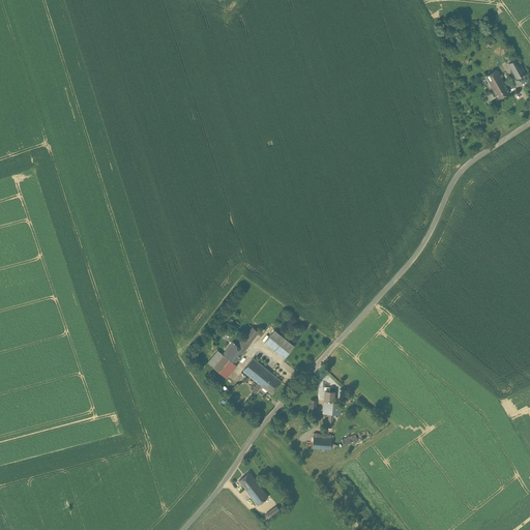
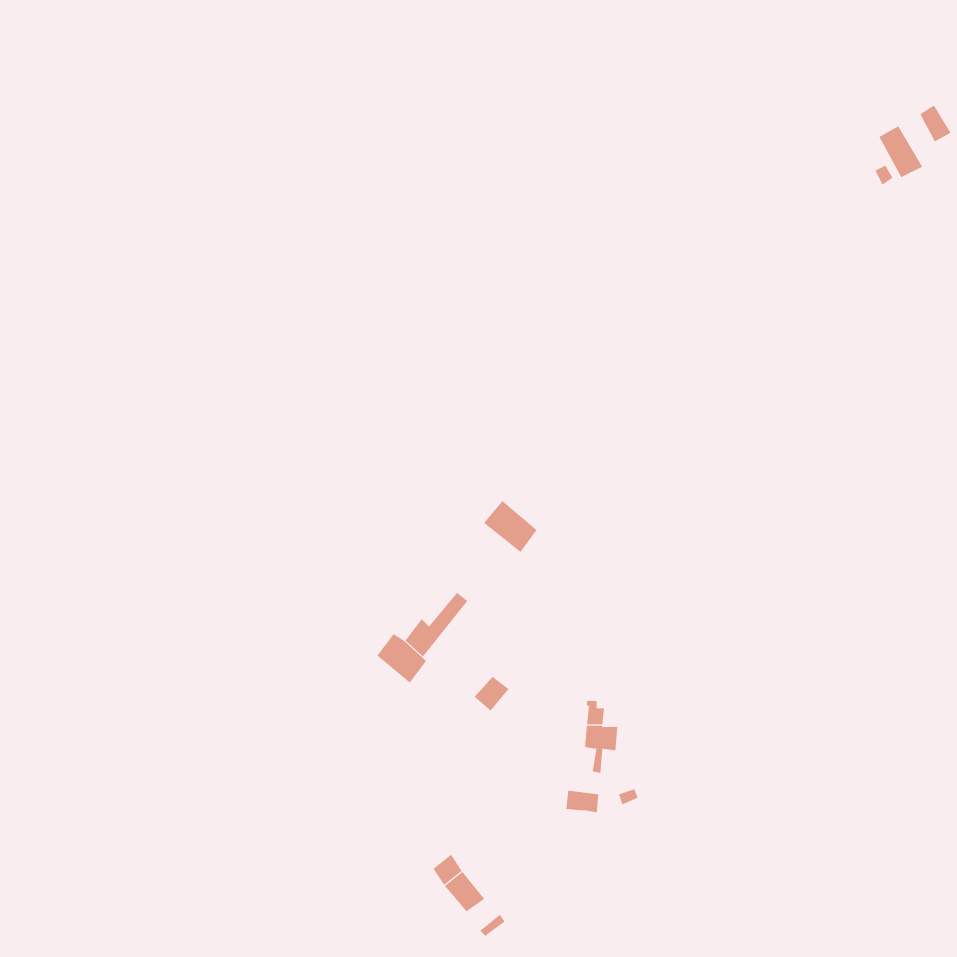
building: [264,329,294,358] -> [483,500,538,553]
building: [243,358,272,393] -> none

